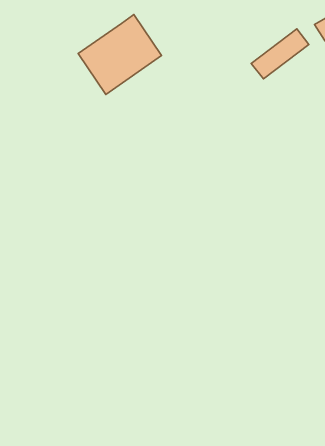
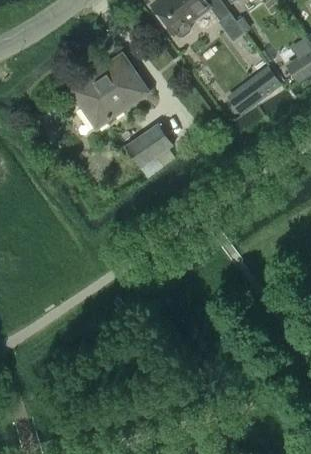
building: none -> [125,124,173,168]

